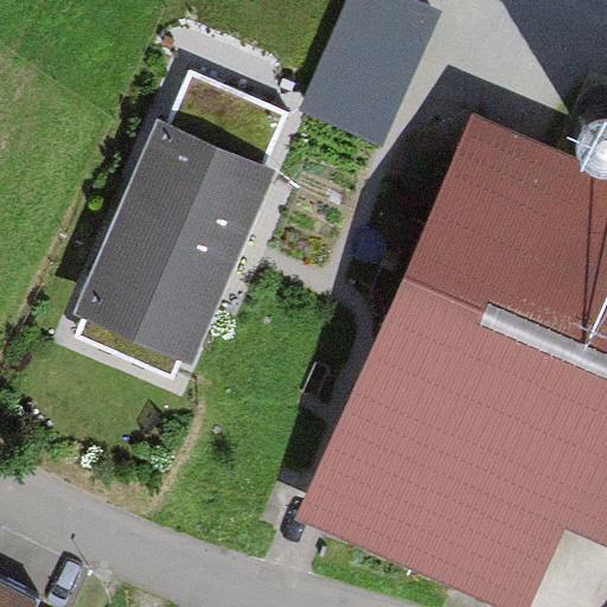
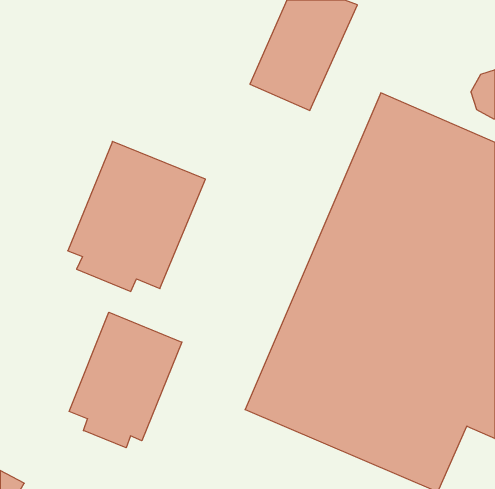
building: [138,78,285,226] -> none
building: none -> [69,312,182,448]

